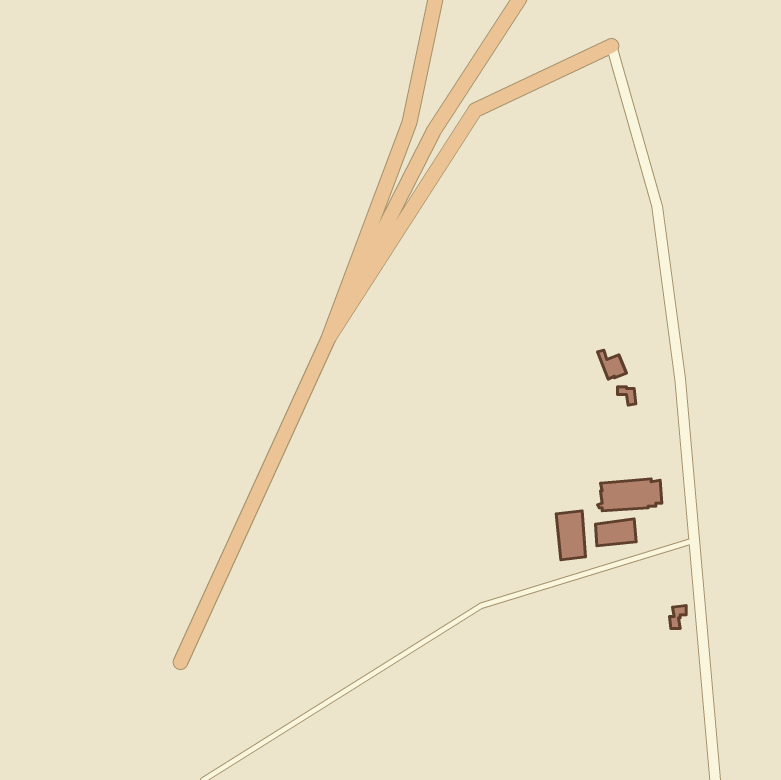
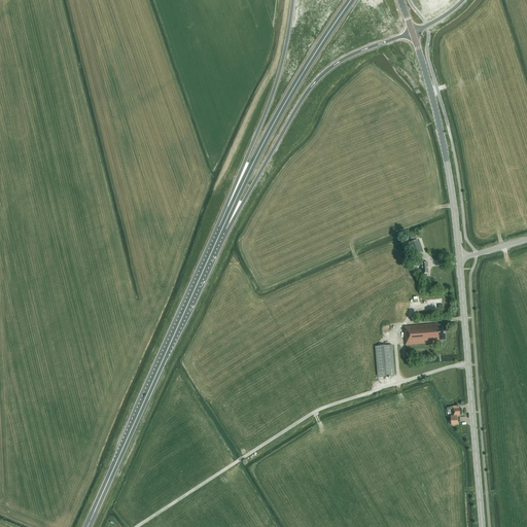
building: [595,519,636,546] -> none

